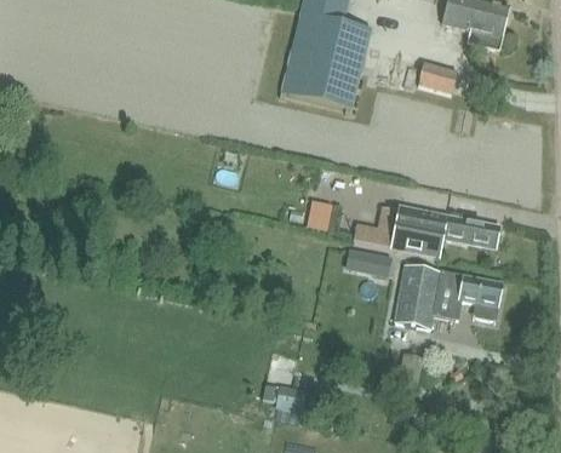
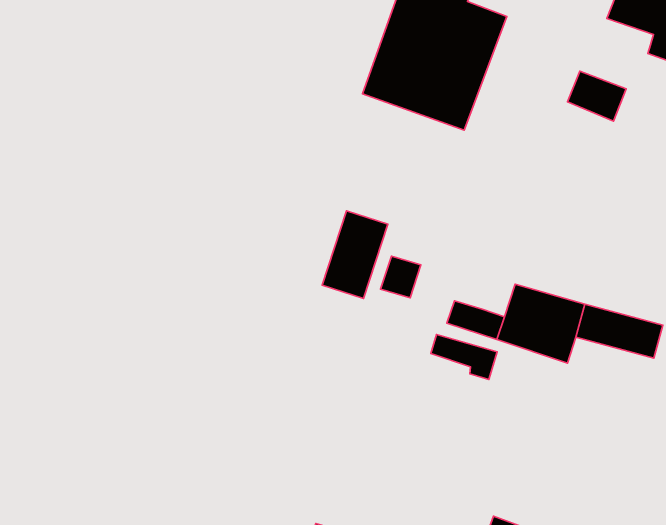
building: none -> [322,211,388,298]
building: [395,265,503,328] -> none

